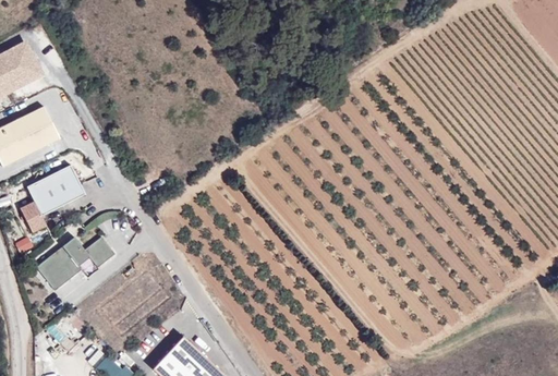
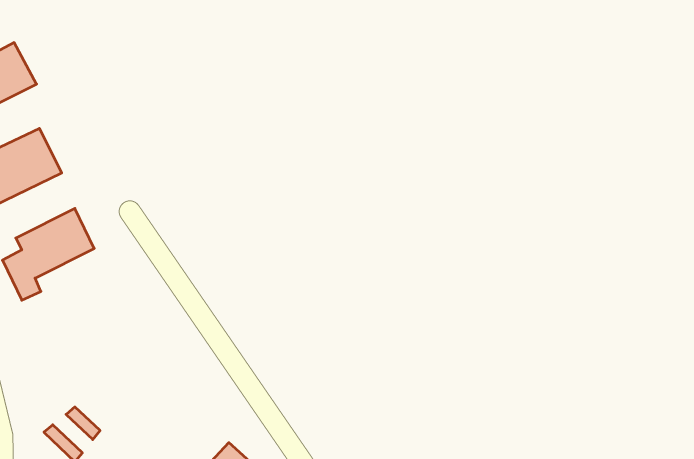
building: [36,236,116,291] -> none

